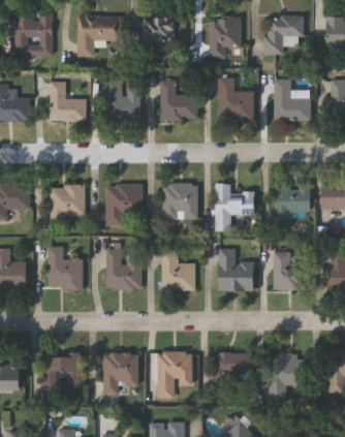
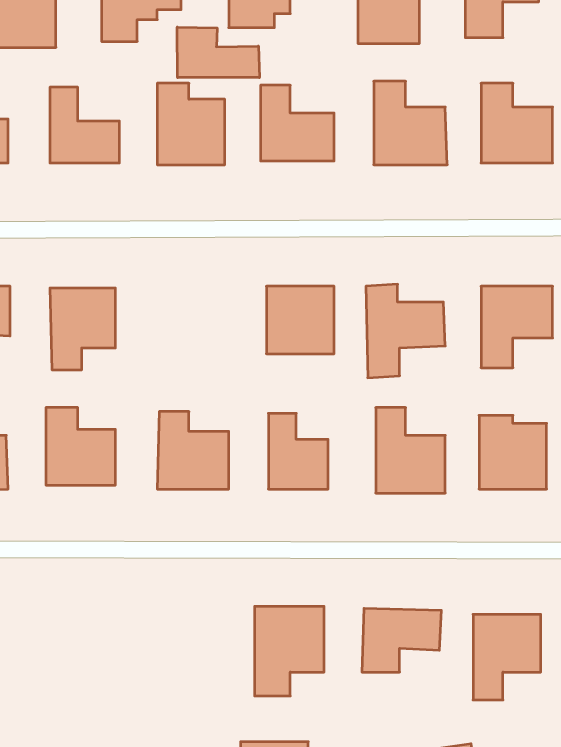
building: none -> [177,27,259,78]
building: [106,184,144,226] -> none
building: [43,352,80,388] -> none
building: [101,352,138,395] -> none

